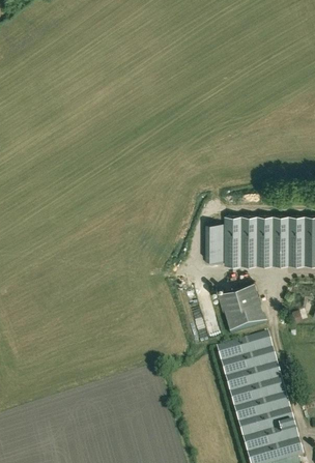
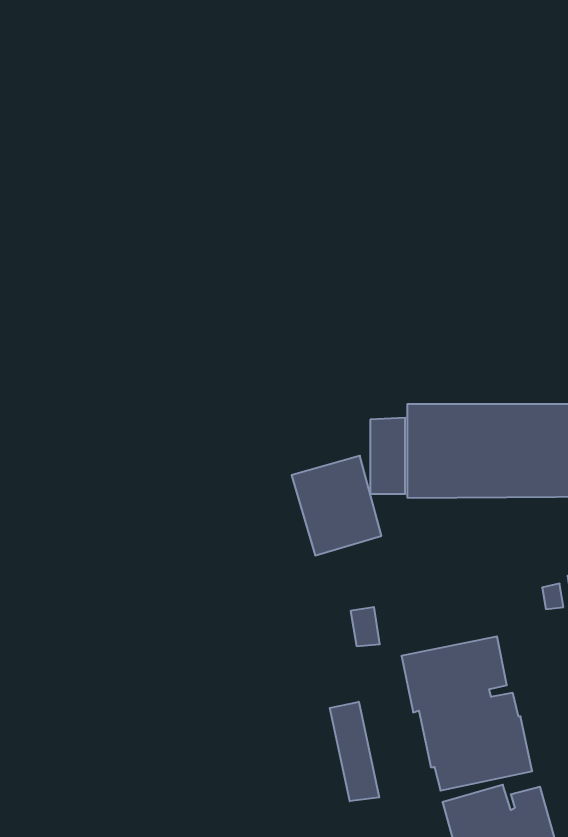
building: [217,282,264,335] -> [292,456,381,555]
building: none -> [330,702,379,801]

